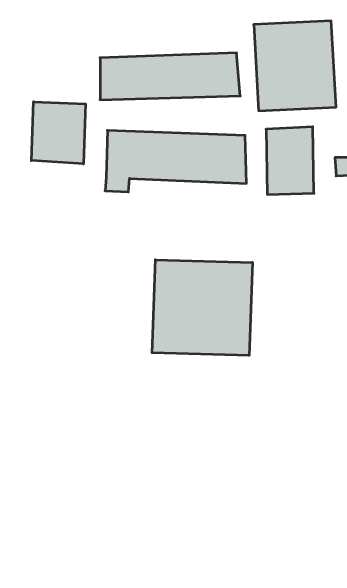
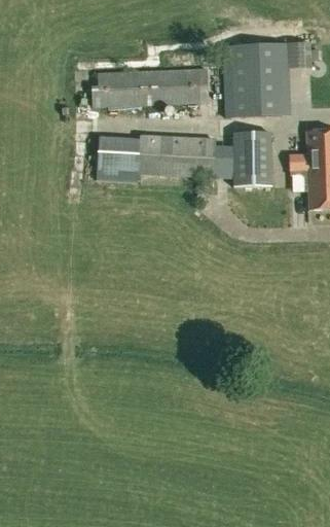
building: [31,102,85,164] -> none
building: [152,260,252,355] -> none

